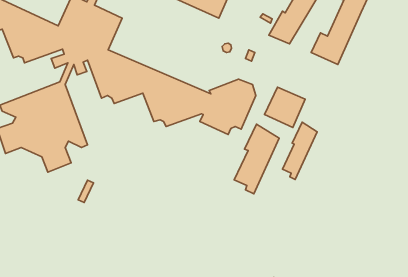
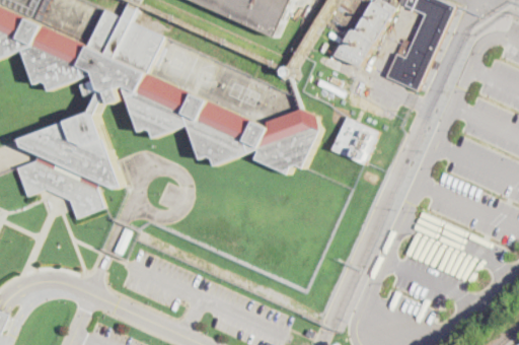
building: [283,122,317,180] -> none
building: [234,124,279,194] -> none

